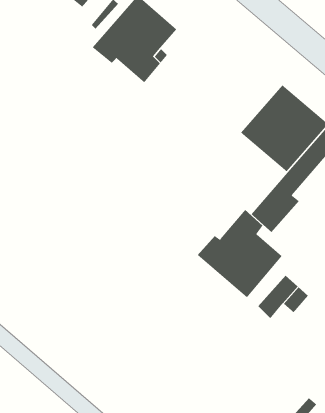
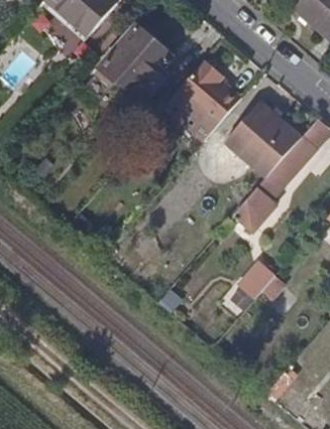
building: none -> [175,59,240,128]
building: [197,209,283,298] -> none

